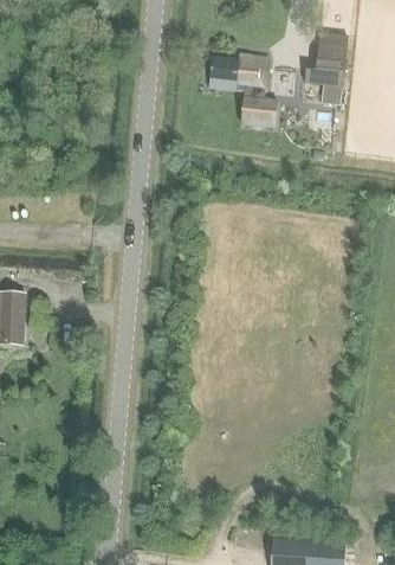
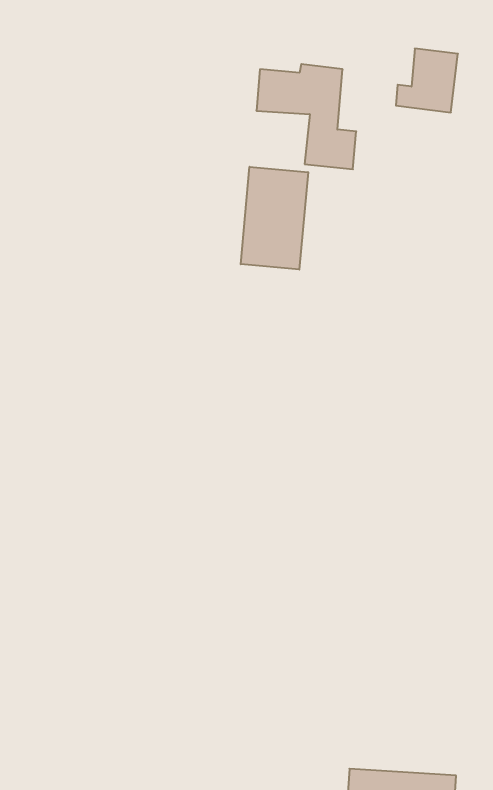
building: none -> [241,167,308,270]

